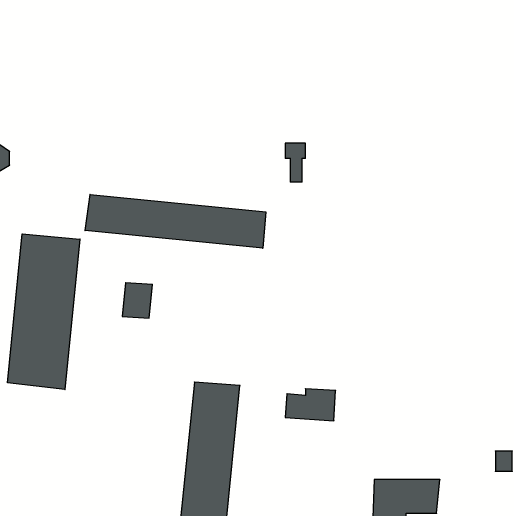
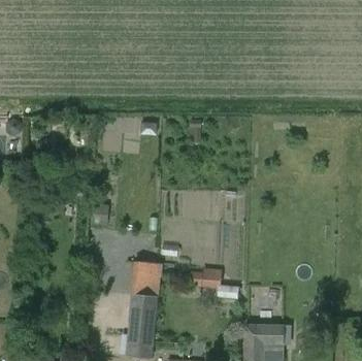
building: [85,194,266,248] -> none
building: [8,234,80,390] -> none

